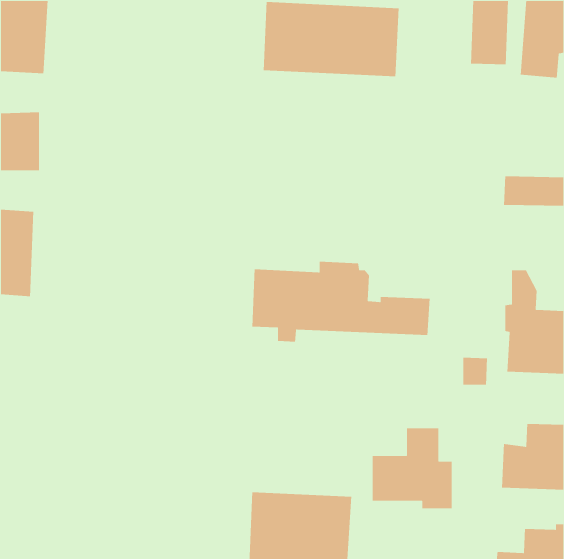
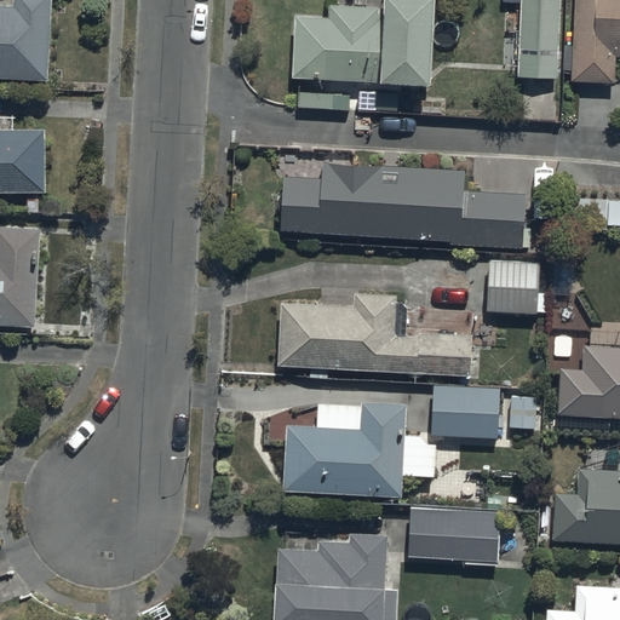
building: none -> [280,161,523,249]
building: none -> [486,259,536,311]
building: none -> [430,386,498,437]
building: none -> [280,412,404,511]

